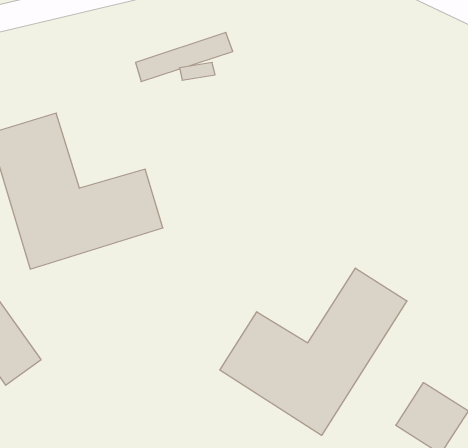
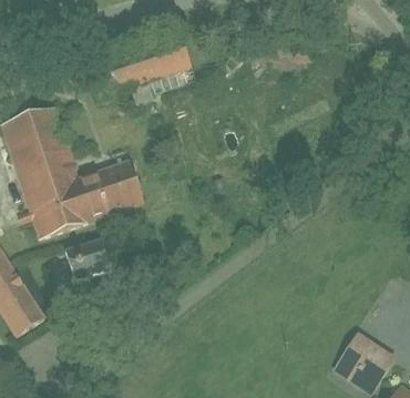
building: none -> [59,237,106,279]
building: [220,268,407,435] -> none

